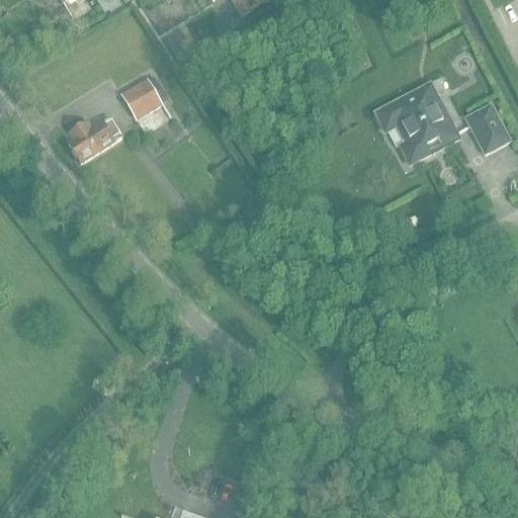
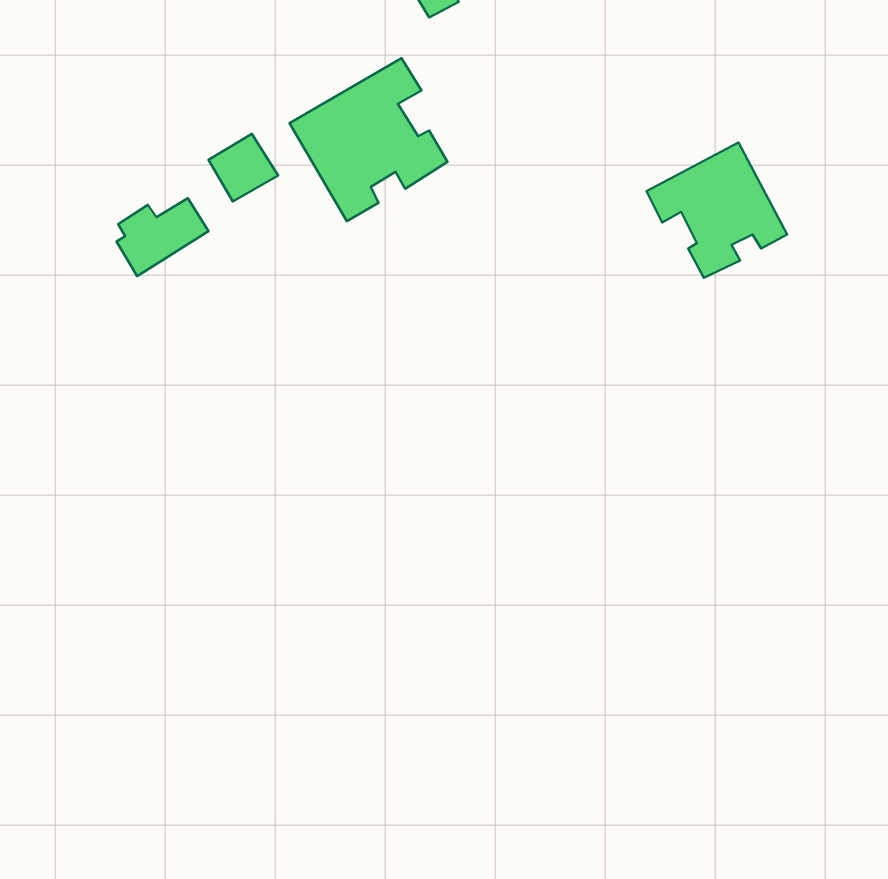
building: none -> [290,58,448,221]
building: [465,103,510,153] -> none

